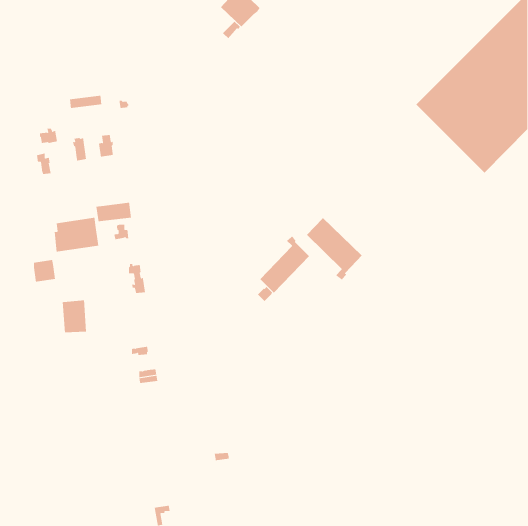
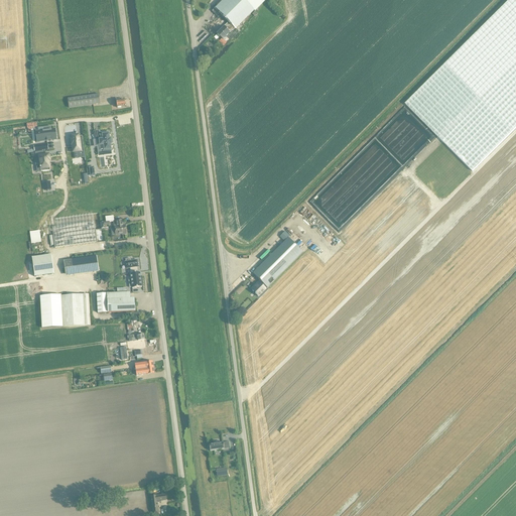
building: [96,202,132,222] -> [63,255,99,274]
building: [306,217,362,281] -> none
building: none -> [97,291,135,311]
building: none -> [40,294,62,326]

